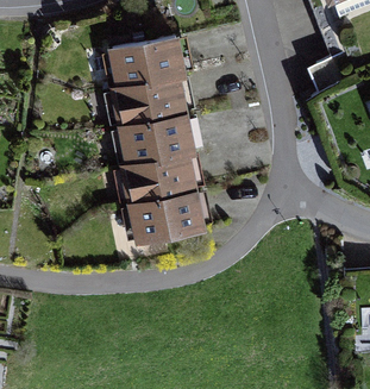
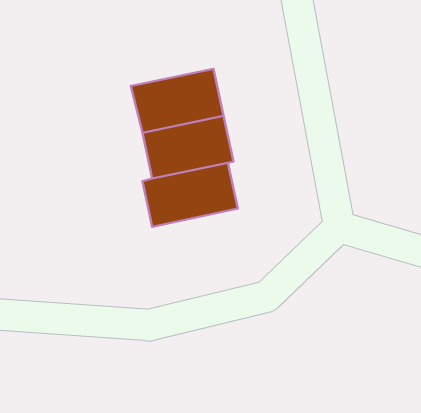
building: [112,33,189,84] -> none
building: [132,188,212,241] -> none

